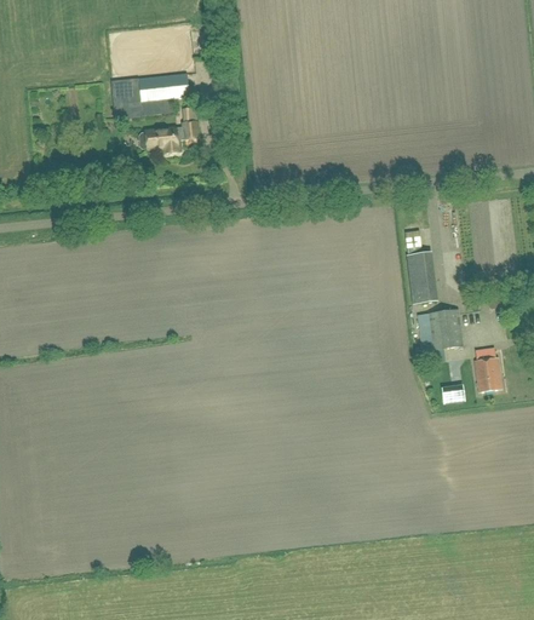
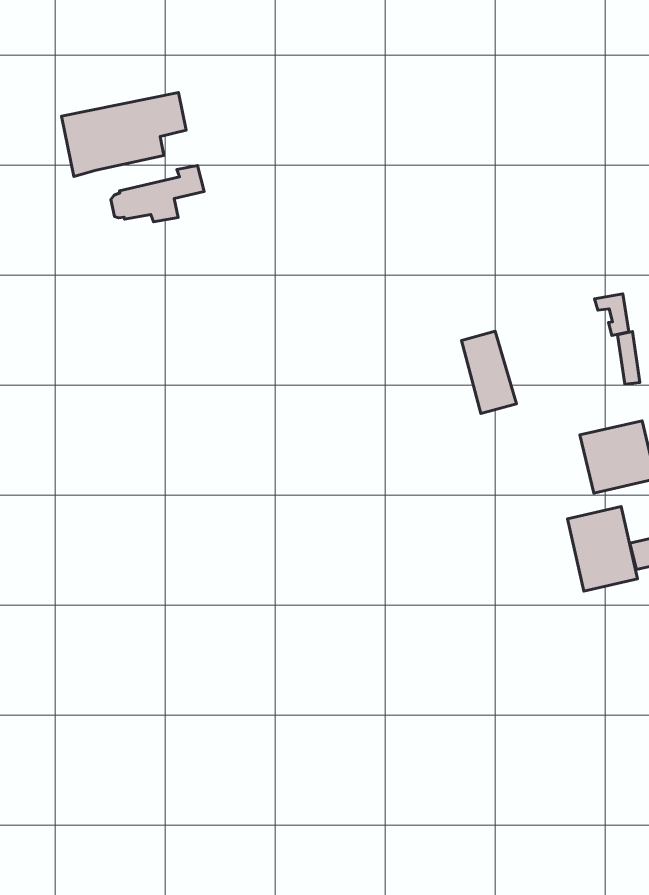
building: [409,248,440,299] -> [462,331,516,413]
building: none -> [568,506,637,591]

